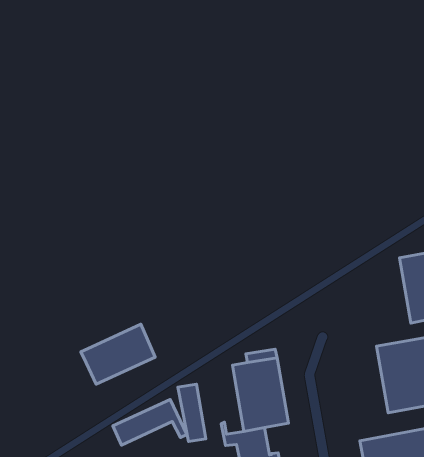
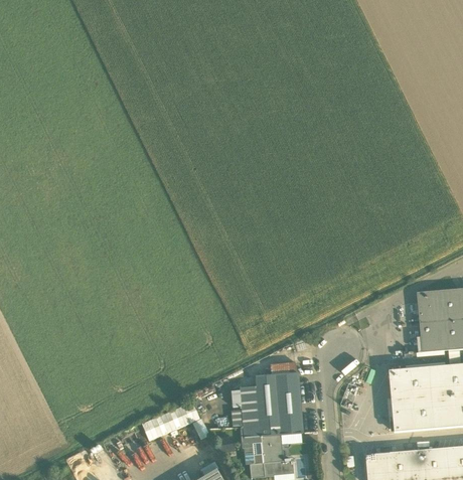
building: [81,324,155,384] -> none
building: [178,384,206,441] -> [240,386,261,438]

